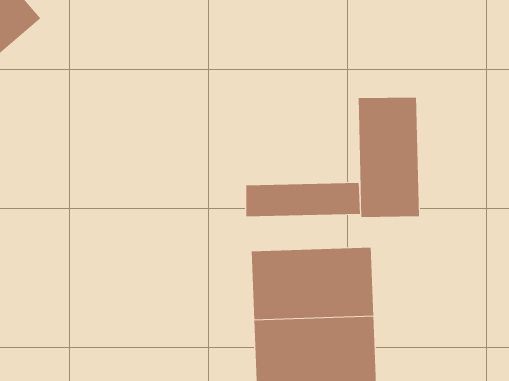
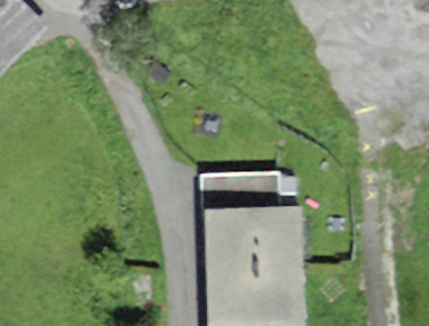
building: [358,97,419,218] -> none

